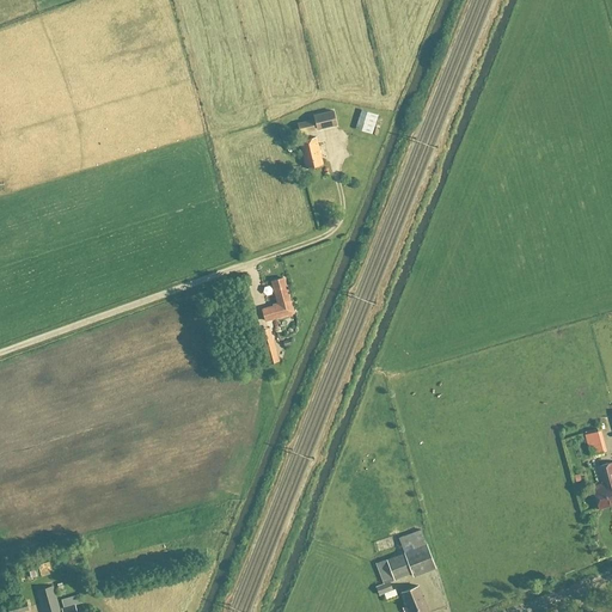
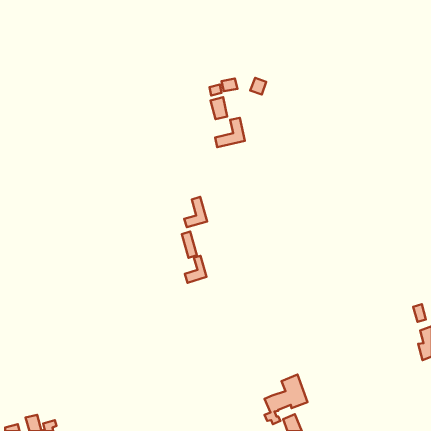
building: none -> [215,118,245,147]
building: none -> [185,256,207,283]

